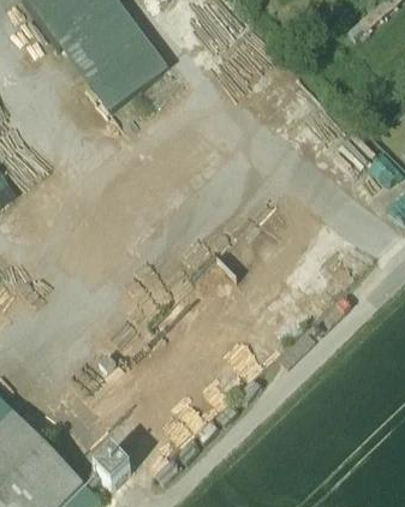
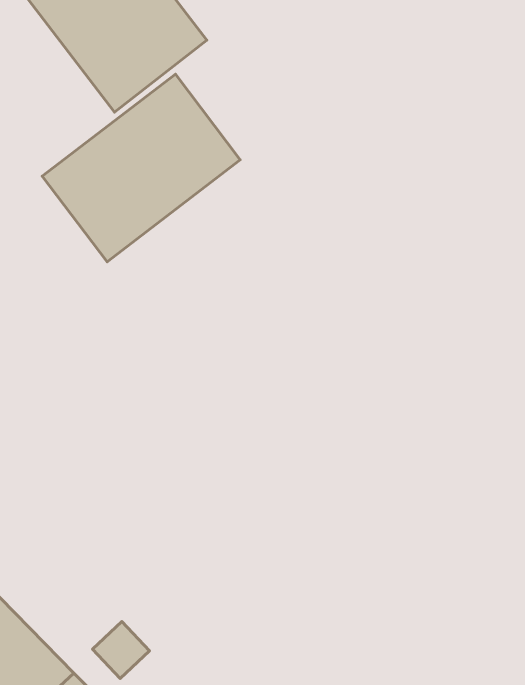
building: none -> [42,74,240,262]

